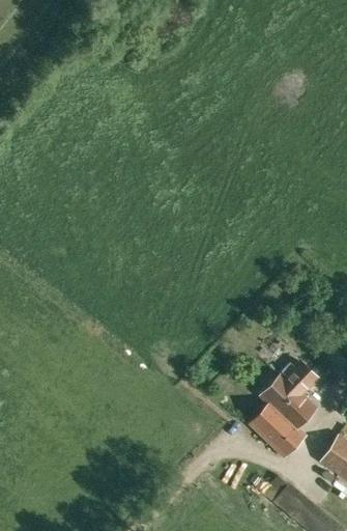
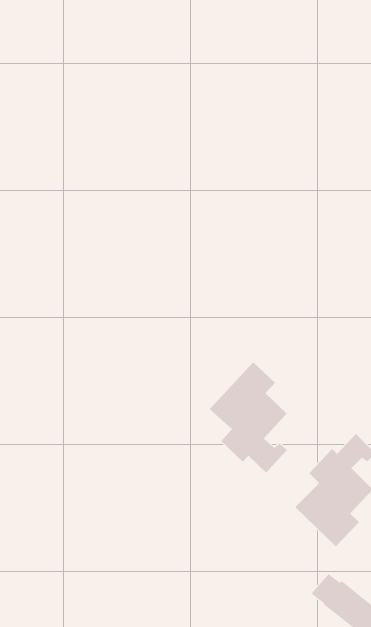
building: none -> [209,362,288,474]

